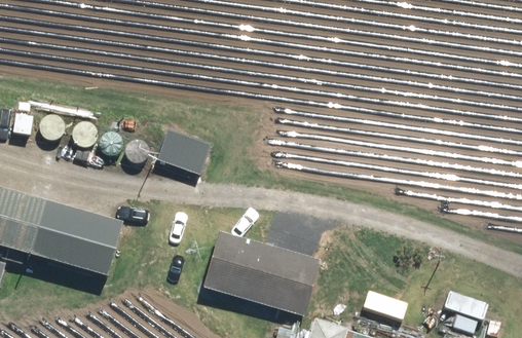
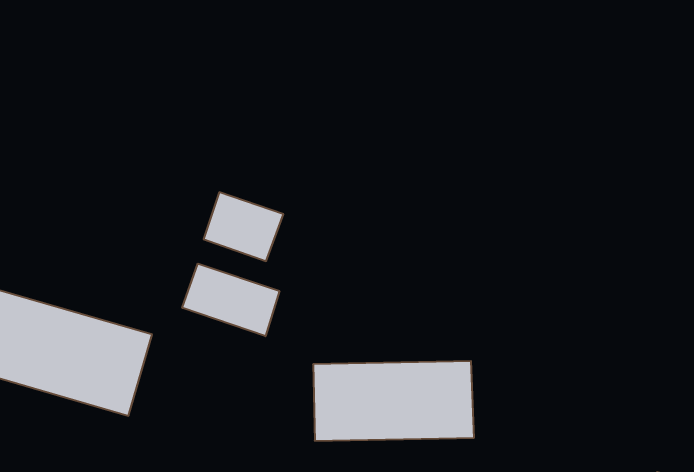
building: none -> [182,264,279,336]

